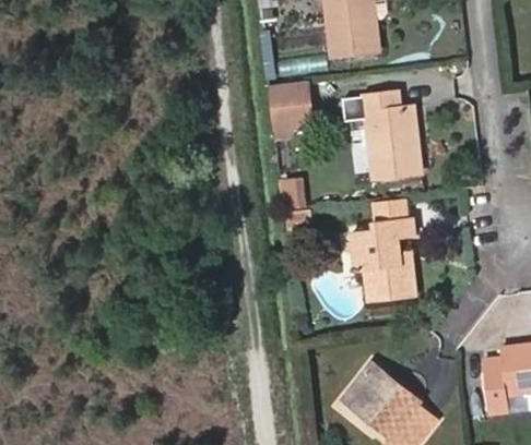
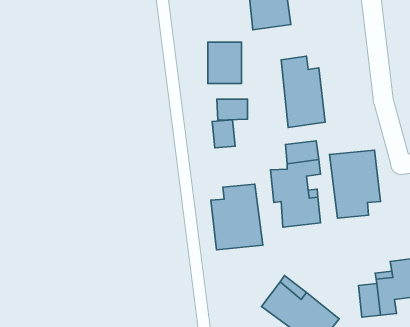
building: none -> [217,99,248,120]
building: none -> [329,150,380,218]
building: none -> [211,184,263,250]

